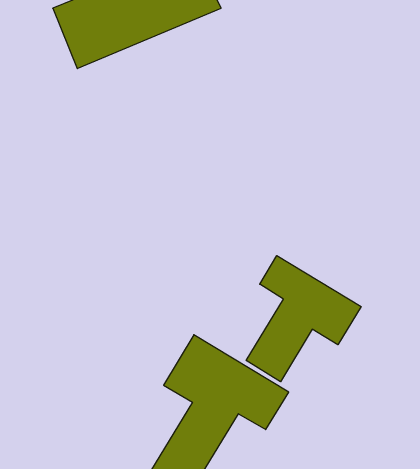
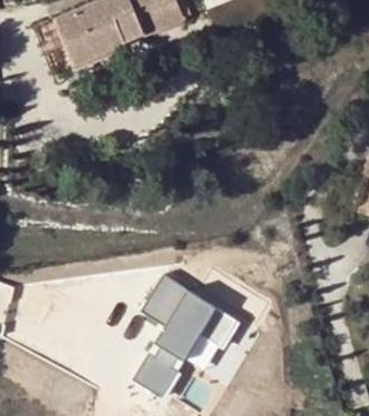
building: [246,256,361,382] -> none

